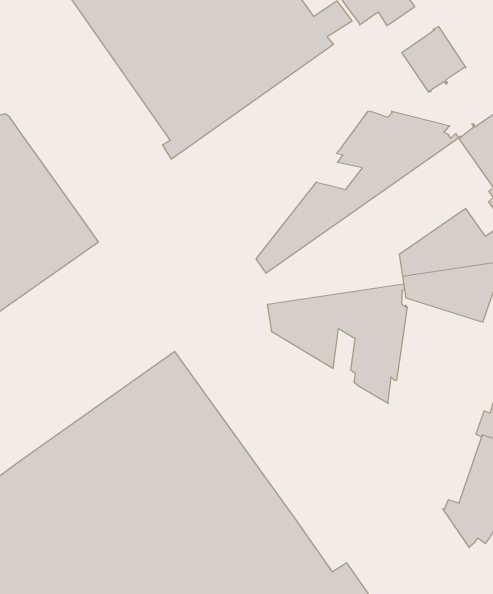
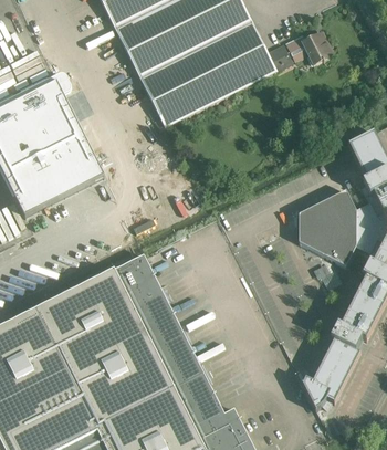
building: [402,26,466,92] -> none
building: [256,111,459,273] -> none
building: [268,284,407,404] -> none

